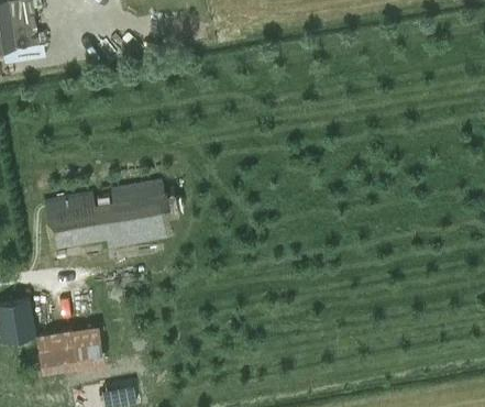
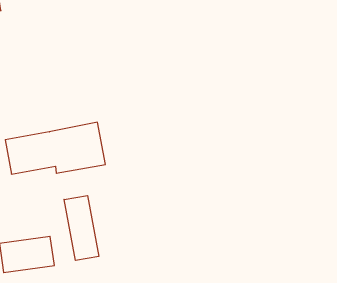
building: none -> [64,196,99,260]

